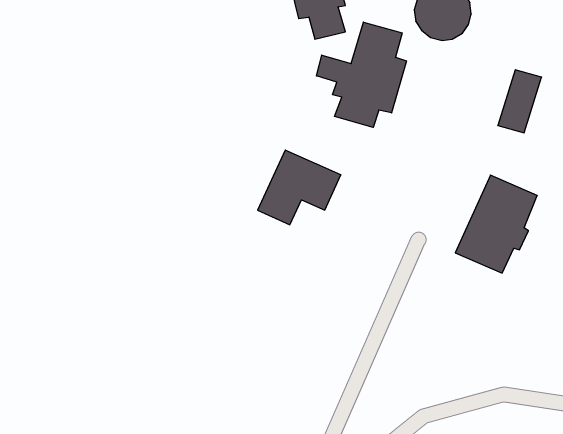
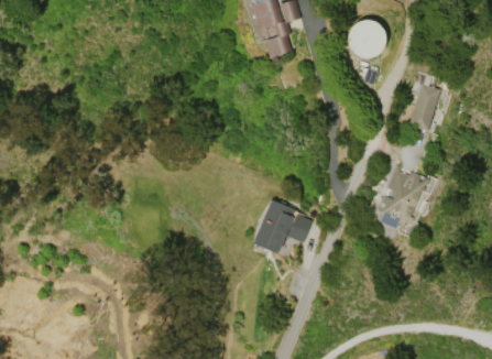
building: [316,22,406,127] -> none
building: [258,150,341,225] -> [250,198,313,254]

